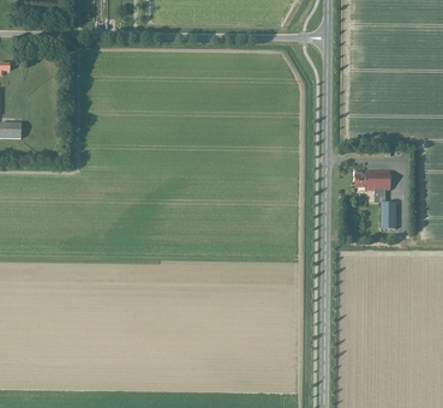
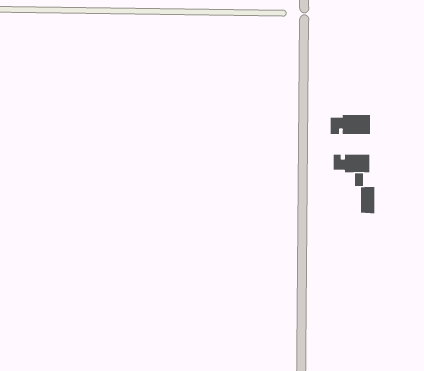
building: none -> [330,114,370,135]

